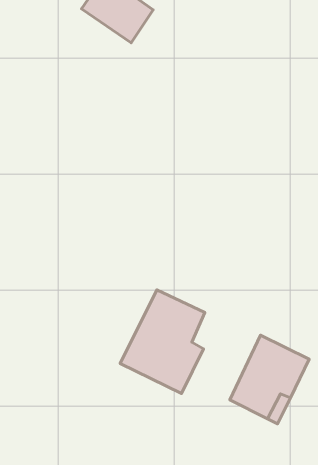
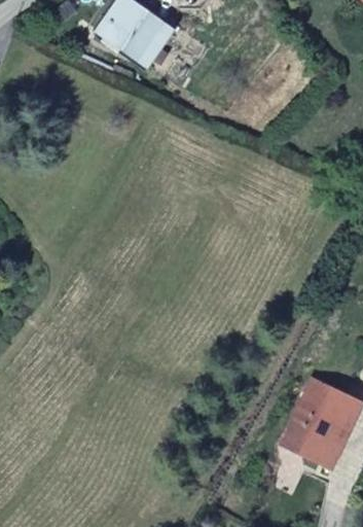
building: [120,290,205,393] -> none

